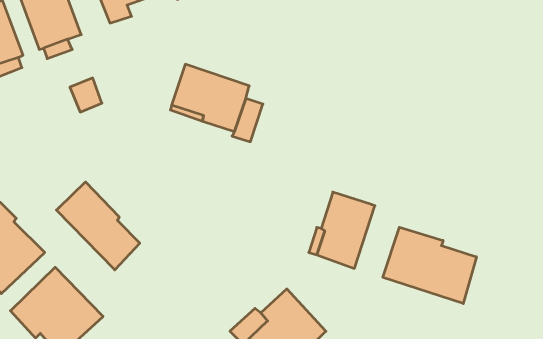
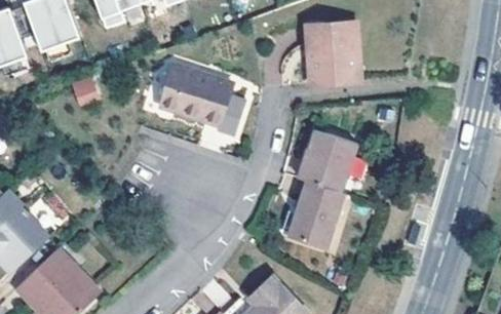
building: none -> [307,22,356,82]
building: none -> [298,127,355,190]
building: [56,182,140,270] -> none
building: [383,227,476,304] -> none

